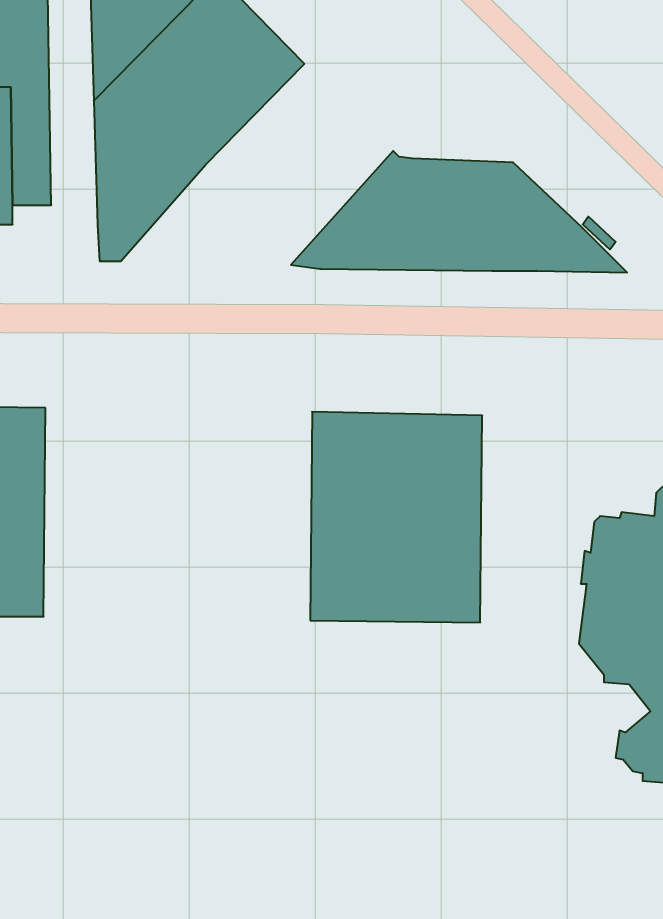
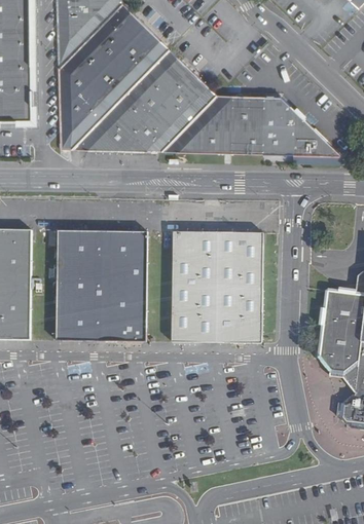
building: none -> [70,45,215,152]
building: none -> [54,229,146,341]

